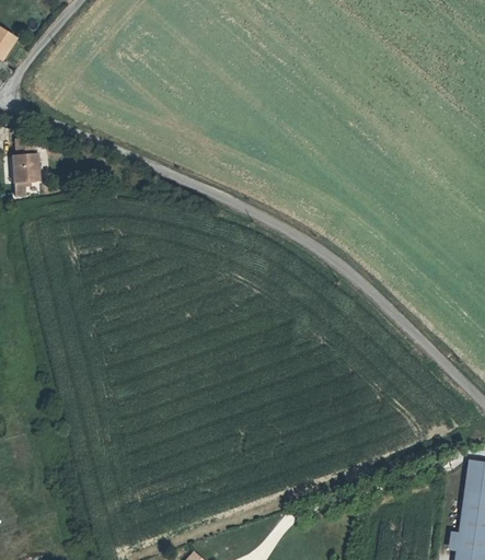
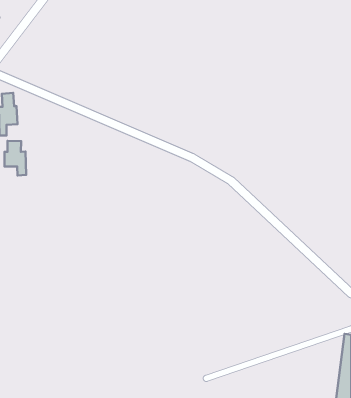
building: none -> [4,141,26,175]

